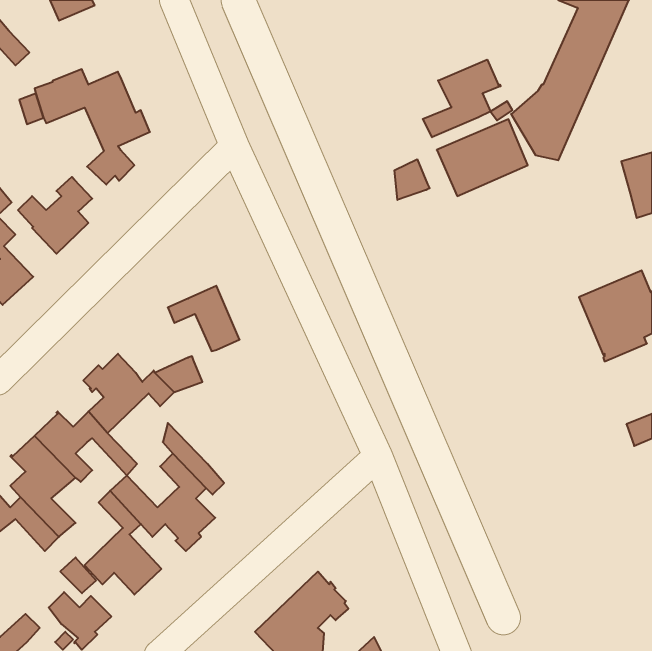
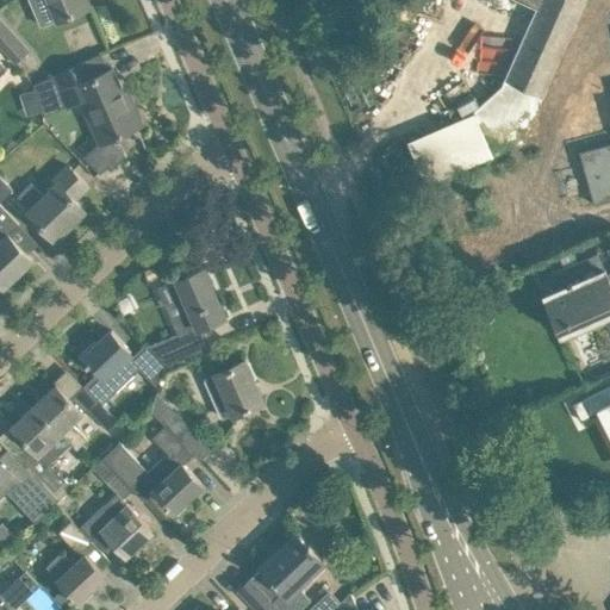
building: [423,60,501,137] -> none
building: [394,159,430,200] -> none
building: none -> [204,362,260,419]

